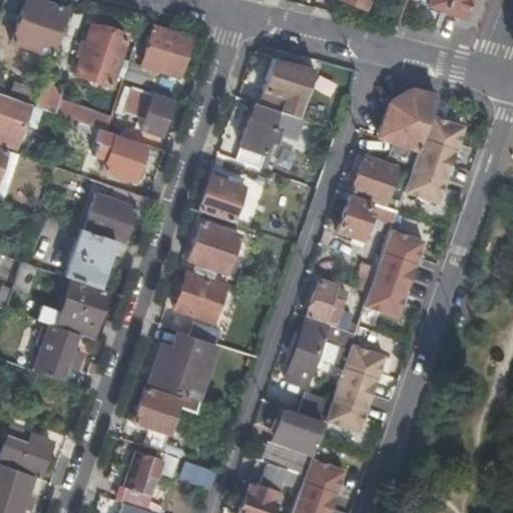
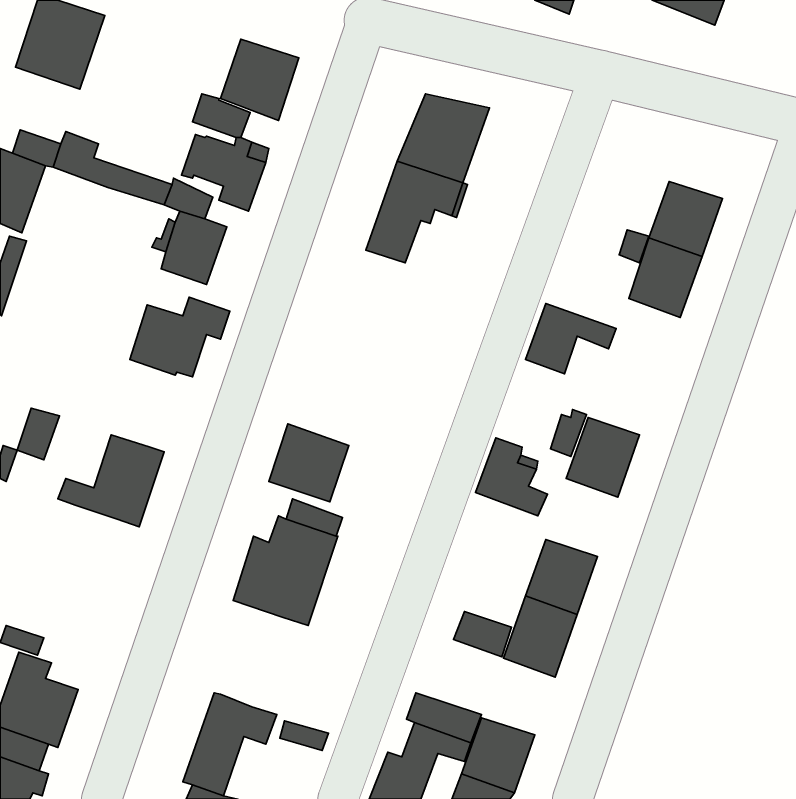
building: [77,27,129,87] -> none
building: [379,90,437,149] -> none
building: [352,156,399,203] -> none
building: [198,174,243,222] -> none
building: [188,222,237,279] -> none
building: [65,229,114,287] -> none
building: [379,230,425,279] -> none
building: [285,316,354,385] -> none
building: [34,324,83,380] -> none
building: [133,387,199,453] -> none
building: [274,409,323,445] -> none

